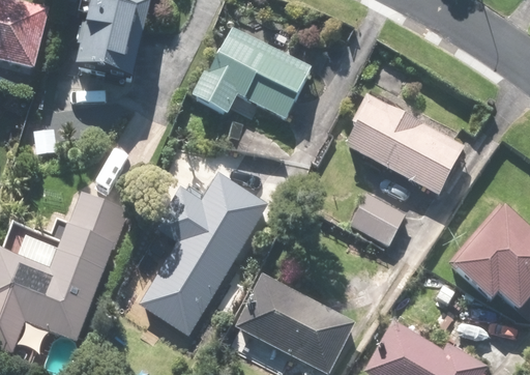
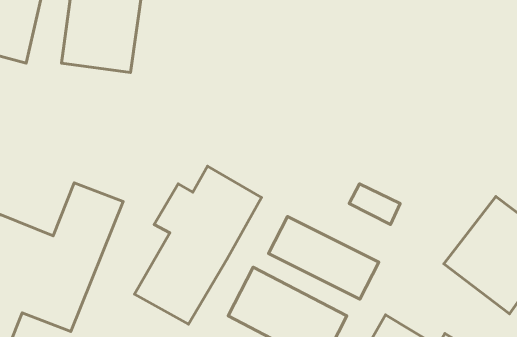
building: [196,26,312,120] -> none
building: [338,95,464,195] -> none
building: none -> [269,217,379,299]

